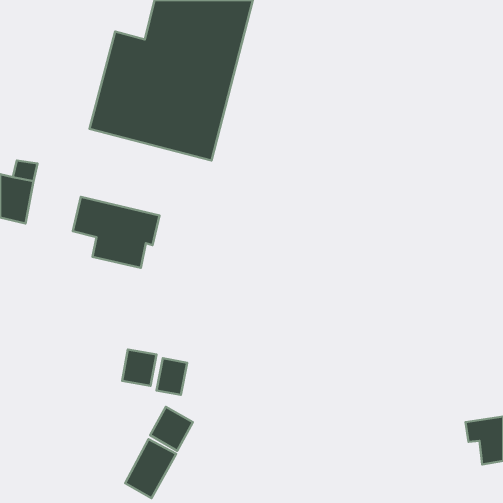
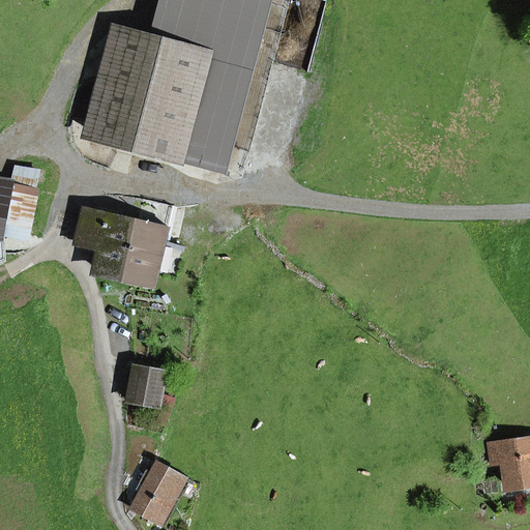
building: [156,358,187,395] -> none
building: [150,407,193,451] -> none

